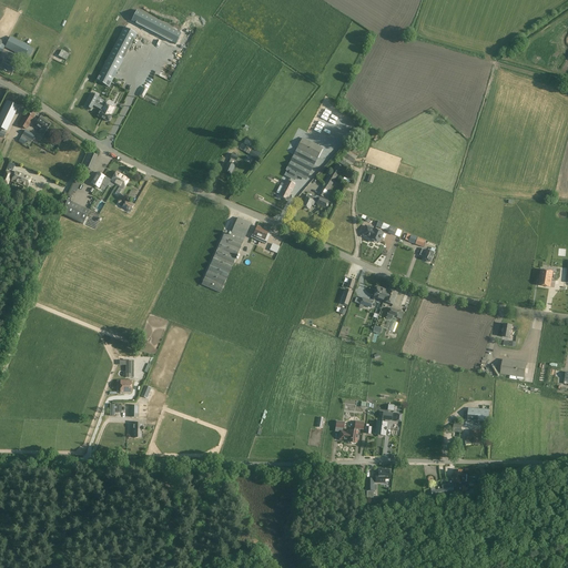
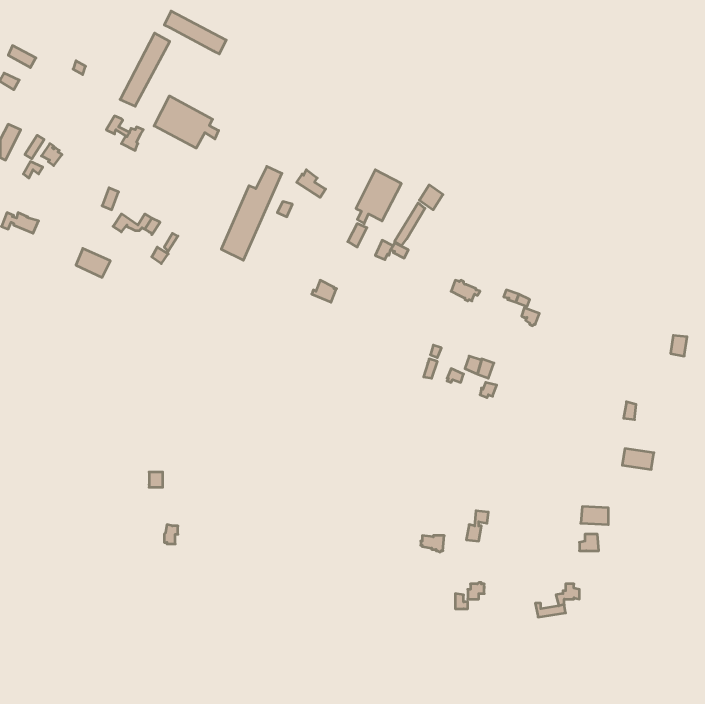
building: none -> [154,96,219,148]
building: [202,217,251,293] -> [221,166,282,260]

